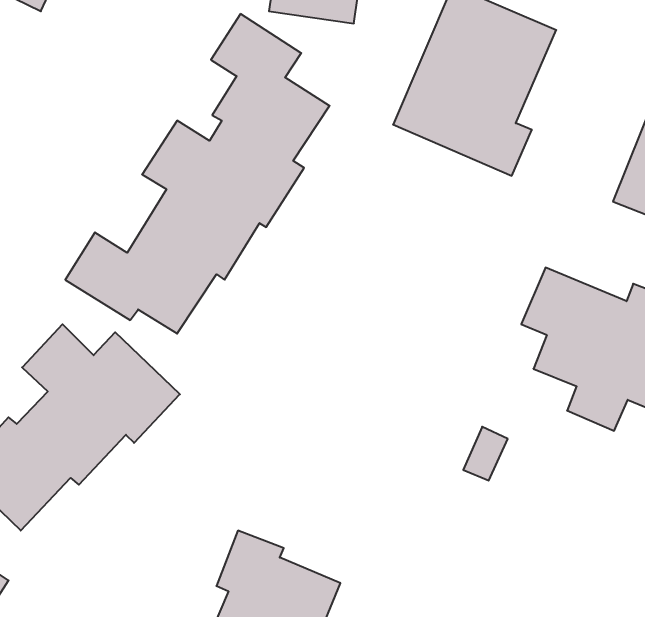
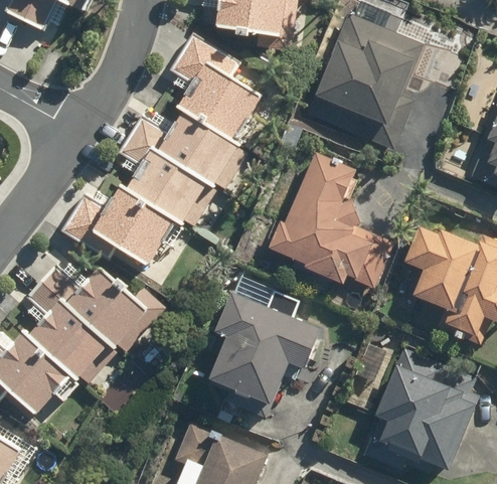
building: none -> [258,149,397,294]
building: none -> [205,289,321,413]
building: none -> [362,344,484,478]

